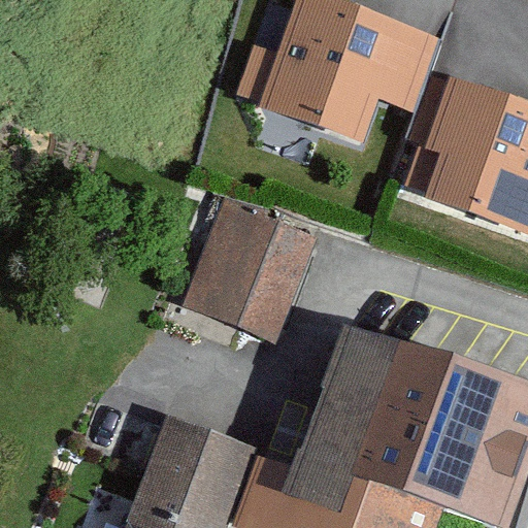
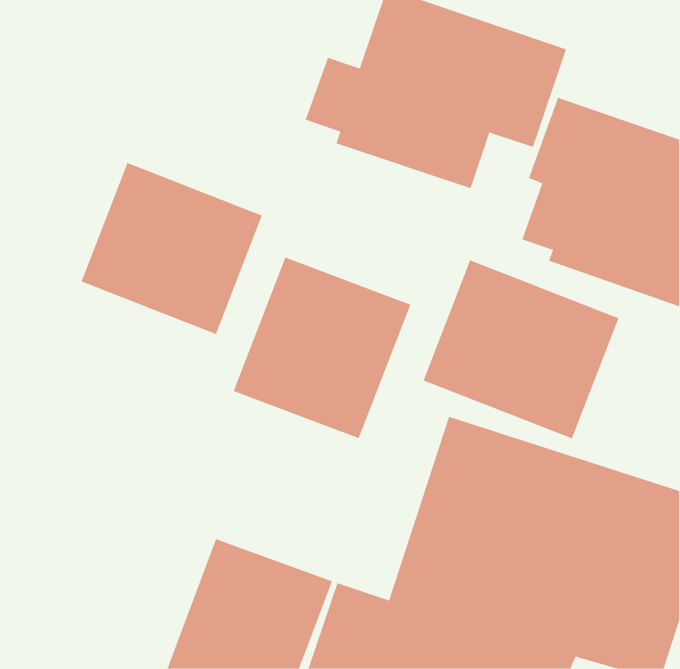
building: none -> [81,162,262,335]
building: none -> [423,259,619,439]

